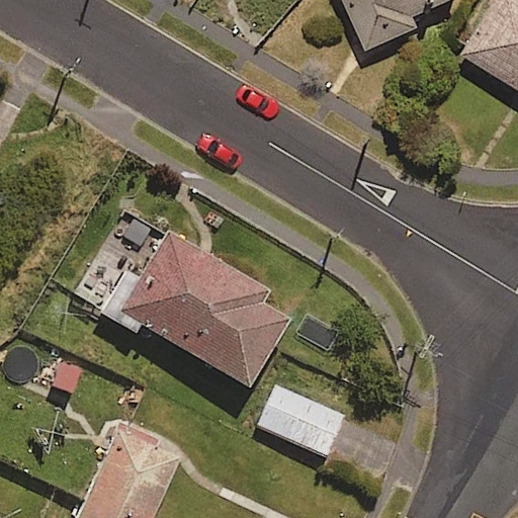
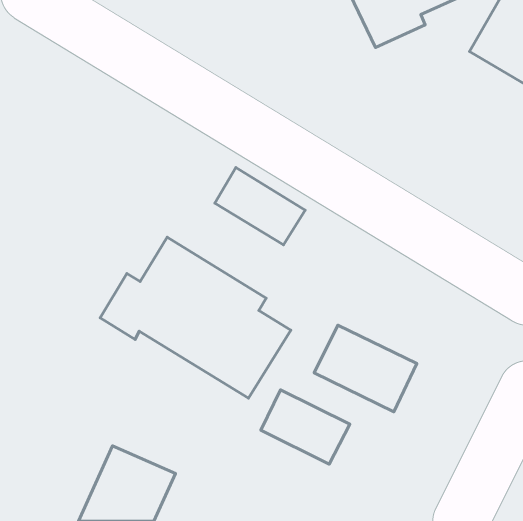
building: none -> [215,167,305,245]
building: none -> [314,325,417,412]

